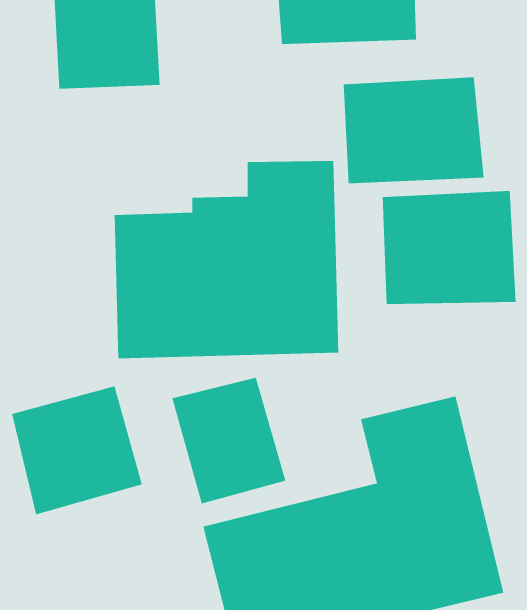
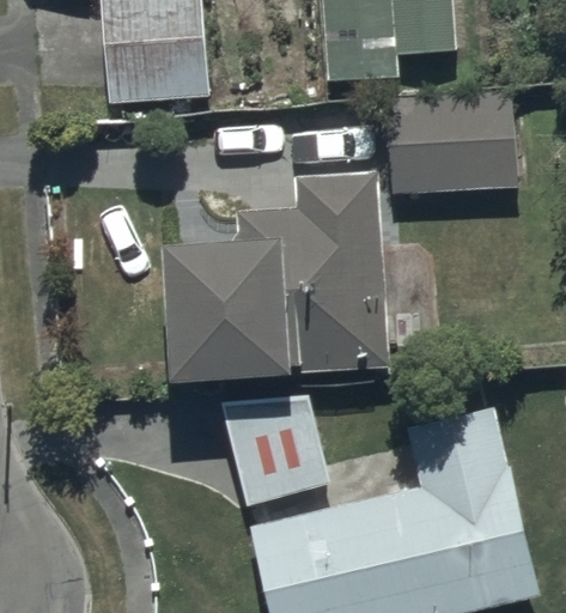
building: [382,190,516,305] -> none
building: [11,386,142,515] -> none

